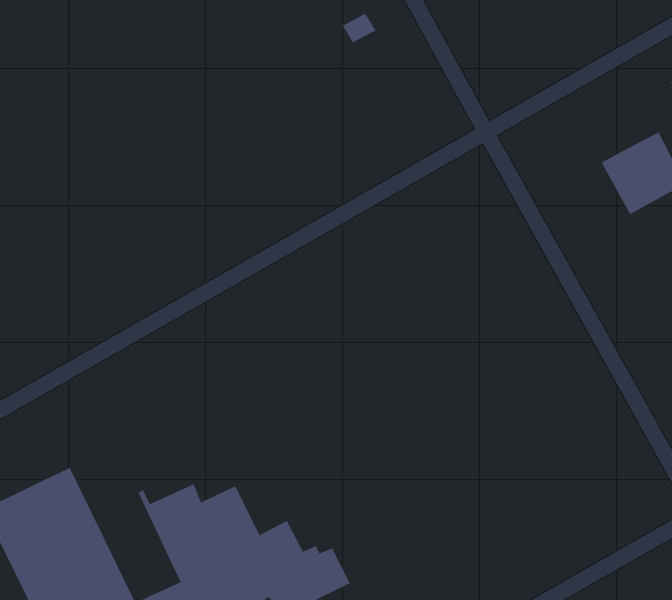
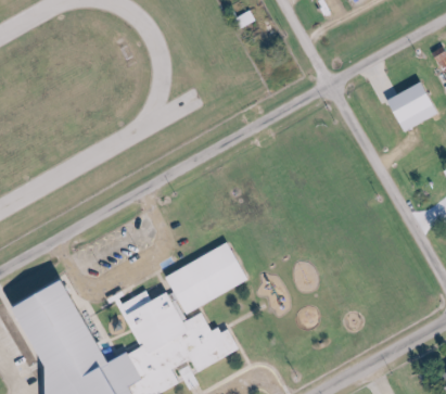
building: none -> [163,243,245,314]

